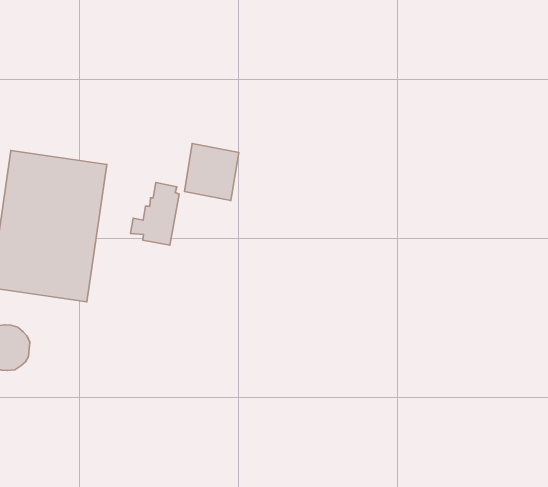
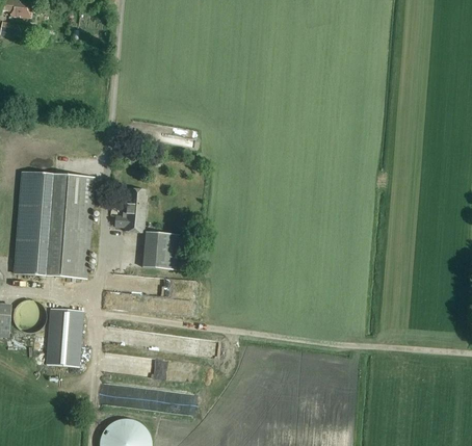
building: [184,143,239,201] -> [145,229,182,268]
building: none -> [45,308,81,366]

